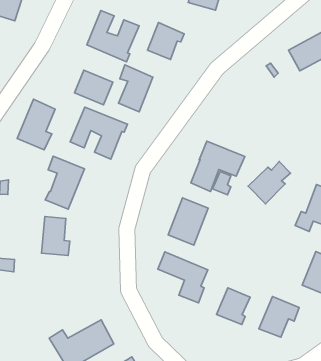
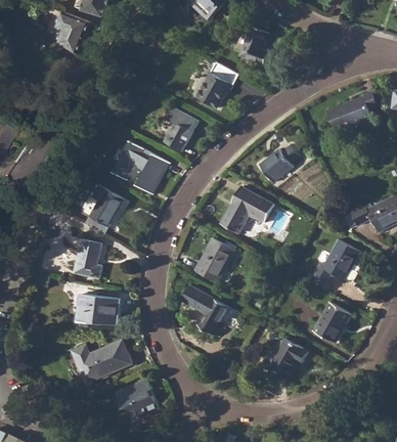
building: [87,11,139,62] -> none
building: [74,70,113,105] -> none
building: [17,99,55,150] -> none
building: [248,161,291,204] -> [258,144,299,182]
building: none -> [78,294,120,324]
building: [216,288,250,324] -> none

